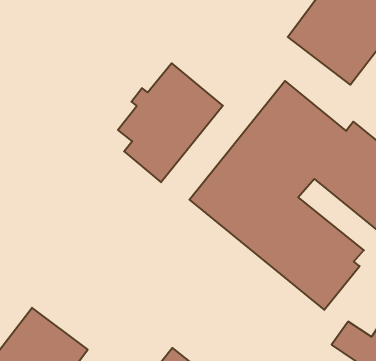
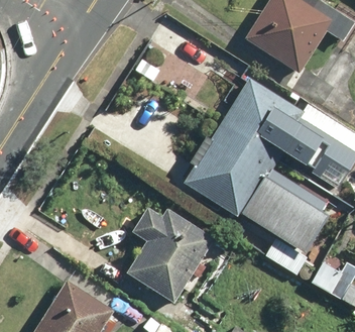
building: [118,63,223,182] -> none
building: none -> [126,208,214,304]

